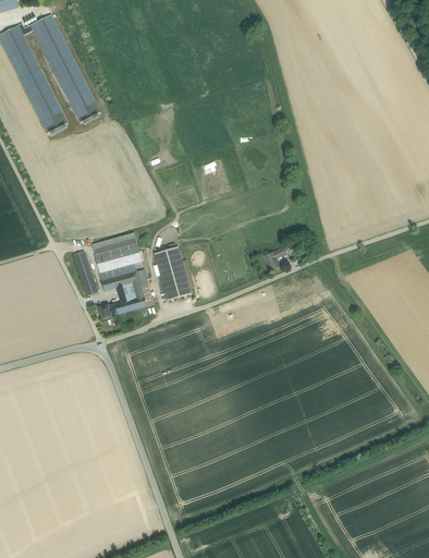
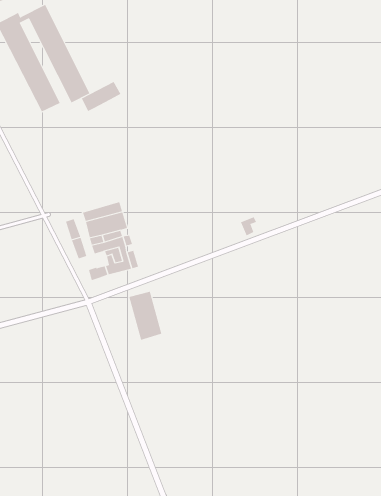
building: none -> [81,81,121,112]
building: [154,245,191,300] -> [129,291,162,341]

